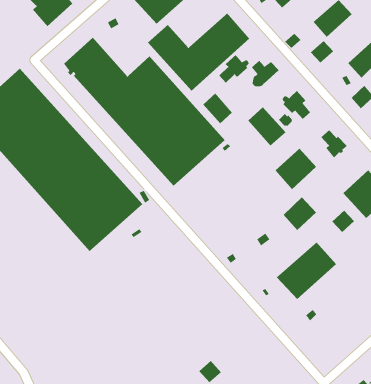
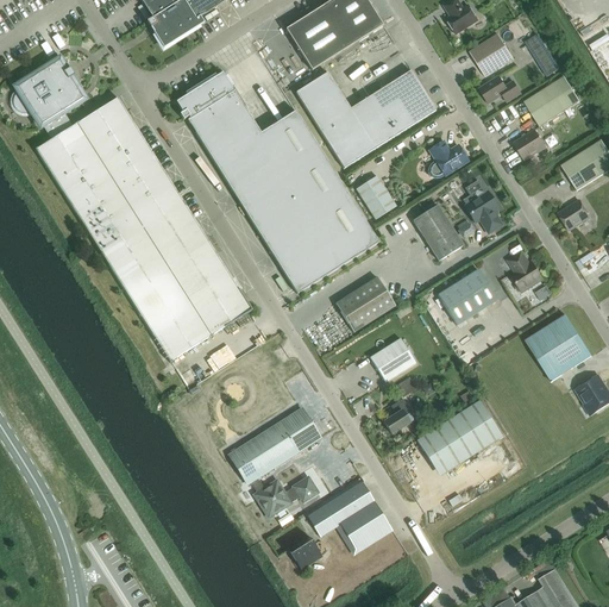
building: none -> [478,75,521,104]
building: [219,54,250,83] -> none
building: none -> [335,276,395,332]
building: [283,197,317,231] -> [369,337,415,382]
building: [332,210,355,233] -> none
building: none -> [383,398,410,433]
building: none -> [228,407,320,483]
building: none -> [307,481,393,555]
building: none -> [253,476,318,517]

